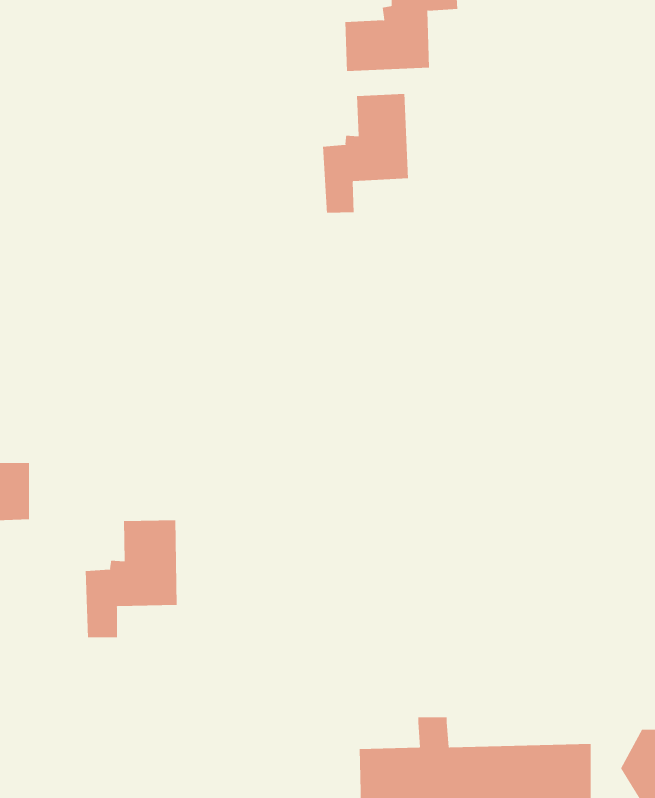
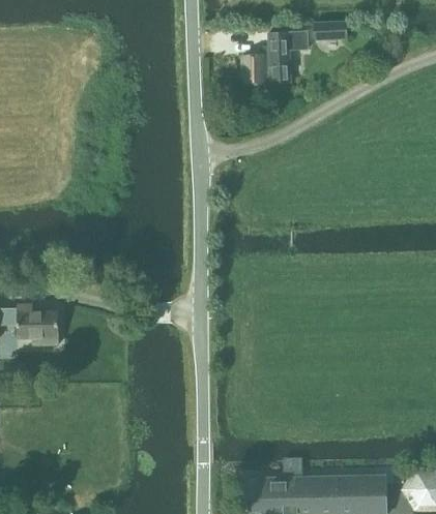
building: [322,93,409,214] -> none
building: [85,519,177,638] -> none

